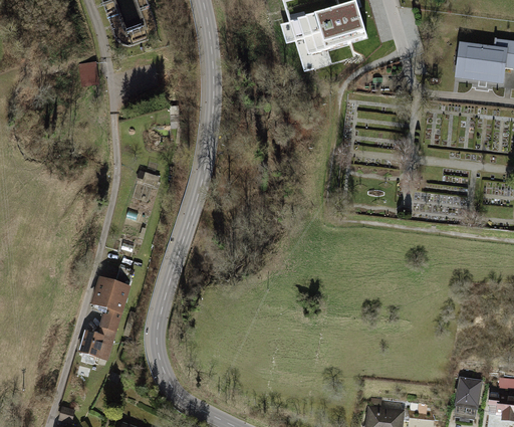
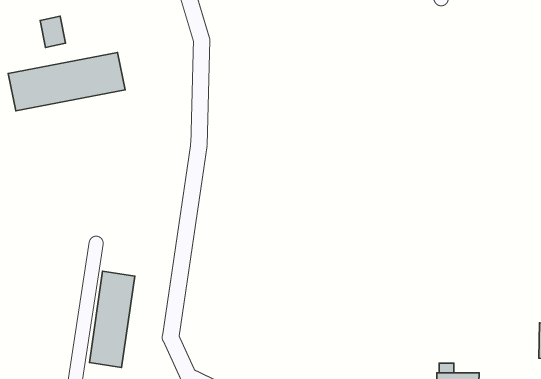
building: none -> [8,53,125,111]

